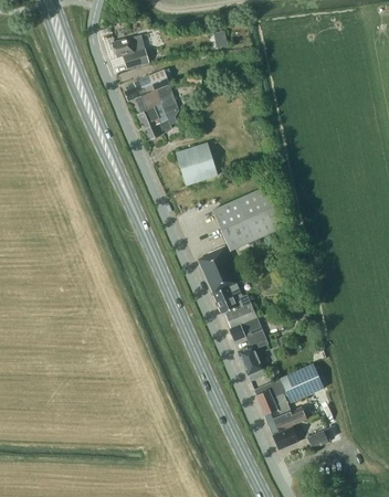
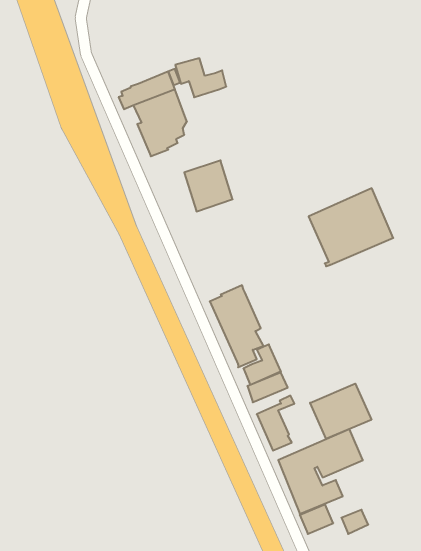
building: [112,36,154,68] -> [175,58,226,97]
building: [212,187,282,251] -> [309,188,393,266]
building: none -> [310,384,371,439]

